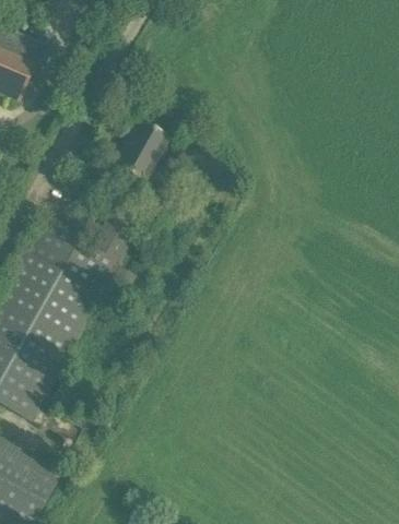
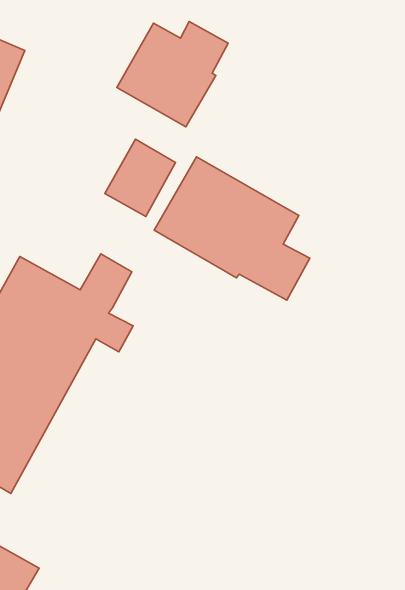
building: none -> [117,22,228,127]
building: none -> [154,157,310,300]

